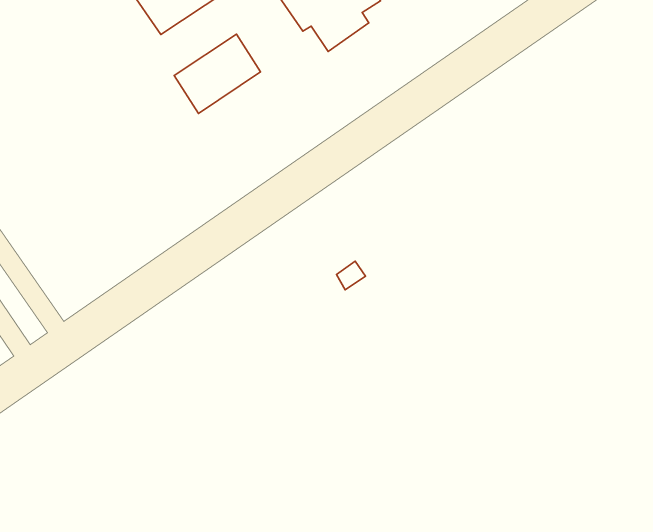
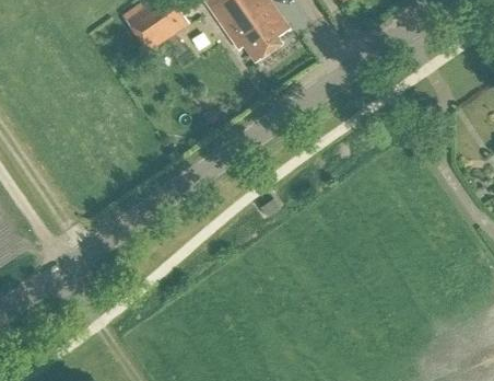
building: [174,34,261,113] -> none

